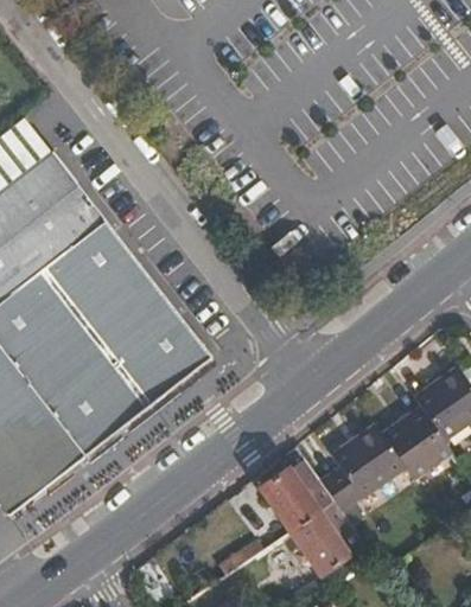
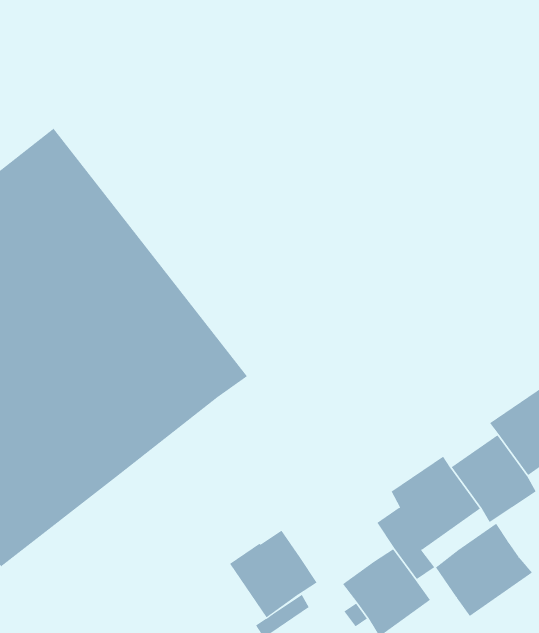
building: [259,456,332,530] -> [229,530,318,618]
building: none -> [435,523,533,617]

